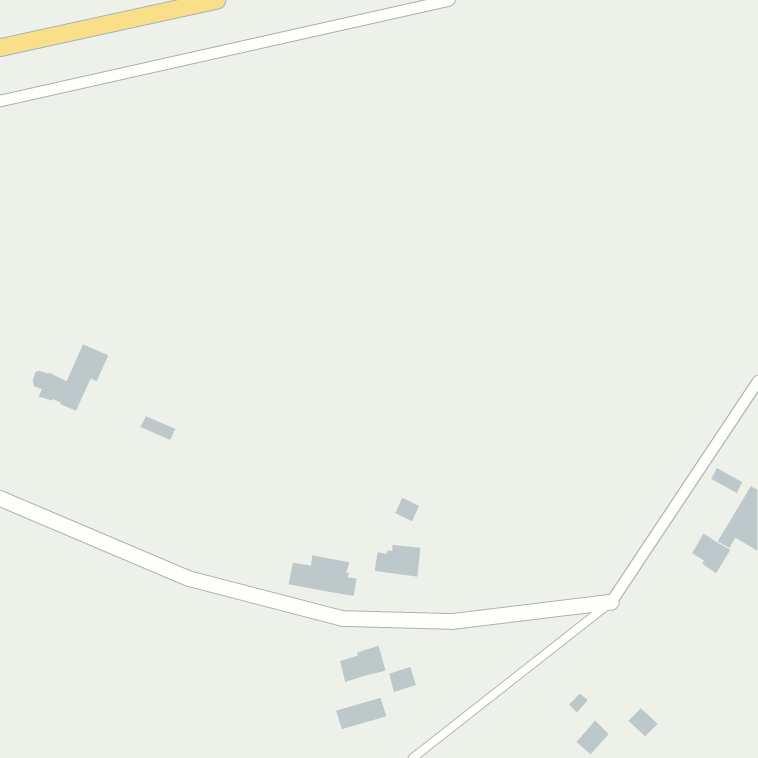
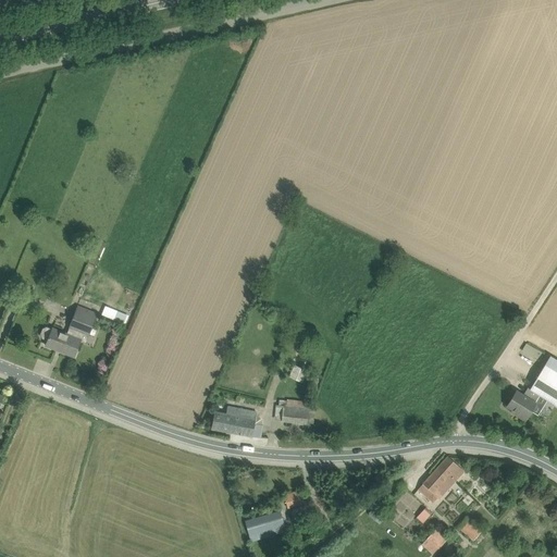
building: [32,343,109,412] -> [41,307,98,357]
building: none -> [418,456,465,503]
building: [339,645,386,683] -> none

